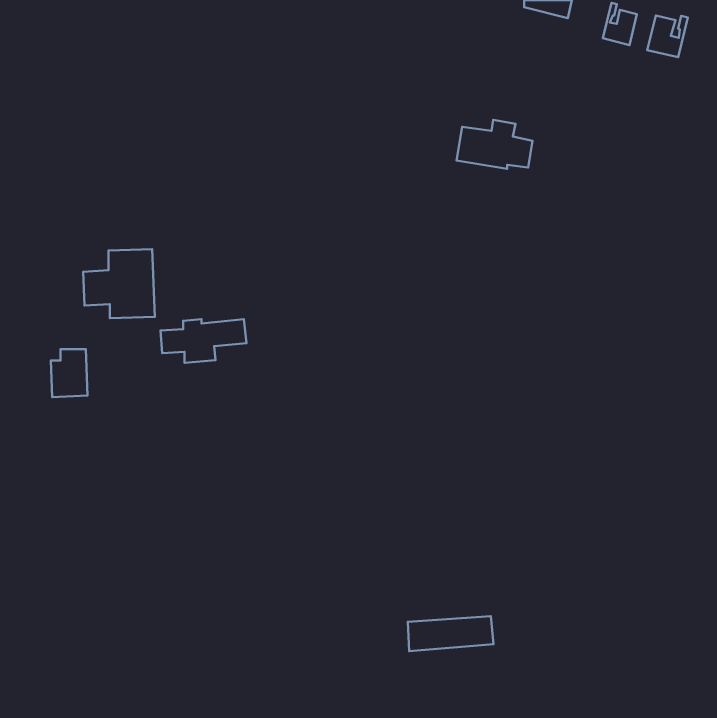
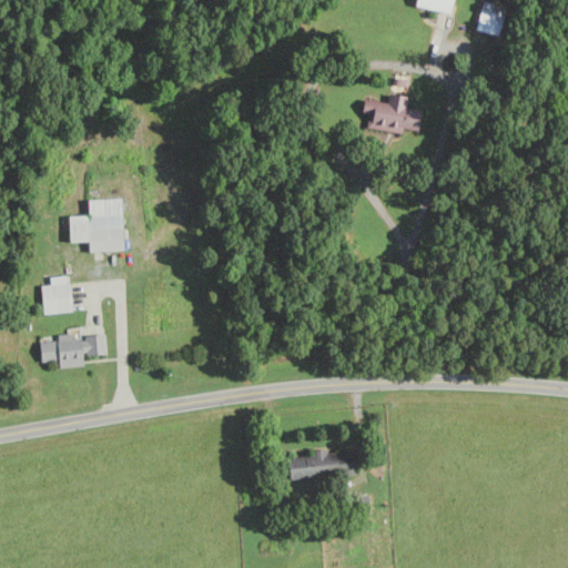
building: [647,16,688,57] -> none
building: [161,319,247,363] -> [40,334,108,368]
building: [408,616,494,651] -> [288,450,356,478]

